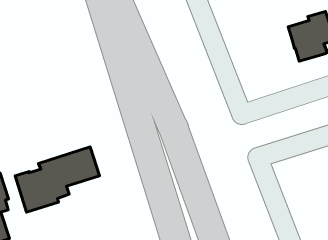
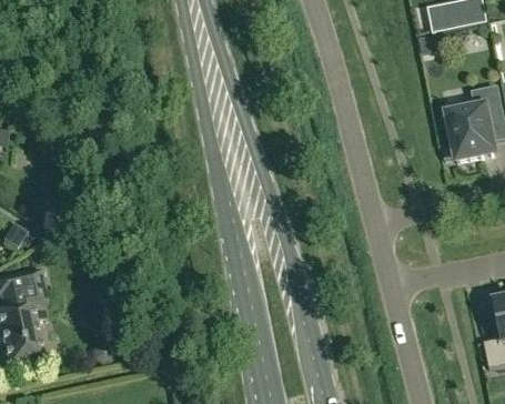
building: [15,147,99,212] -> none

